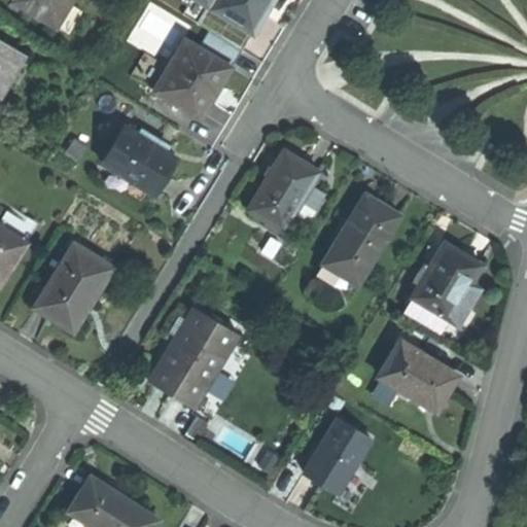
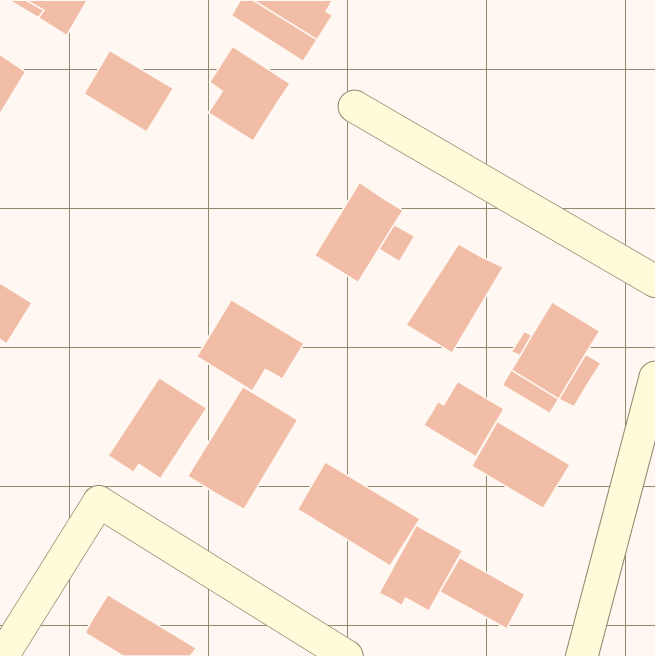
building: [101,126,173,191] -> [84,50,174,132]
building: none -> [197,299,304,391]
building: [32,243,111,324] -> [108,377,207,479]
building: none -> [423,381,504,457]
building: none -> [298,462,420,566]
building: none -> [440,557,525,629]

